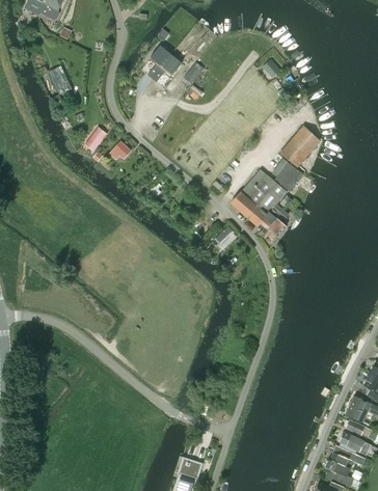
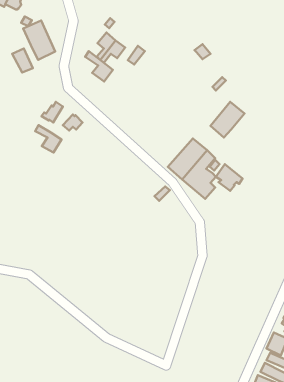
building: none -> [23,20,55,60]
building: none -> [85,51,113,81]
building: none -> [35,125,61,152]
building: [271,159,302,190] -> [216,164,243,191]

